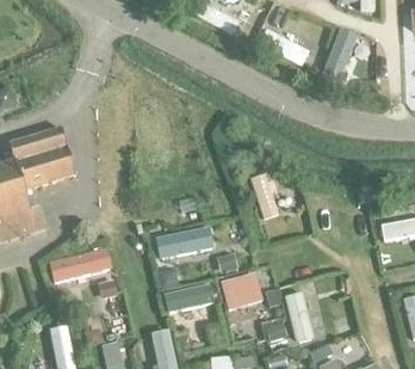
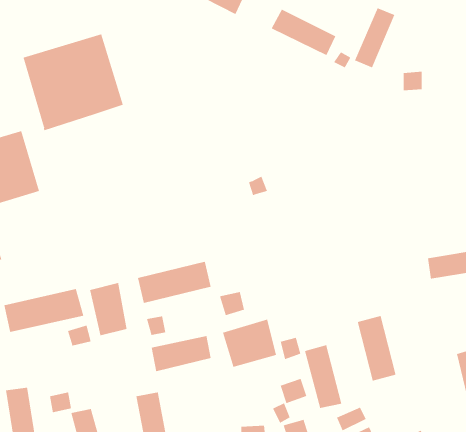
building: none -> [23,34,123,131]
building: [249,174,278,220] -> none
building: none -> [90,282,127,336]
building: none -> [357,315,396,381]

